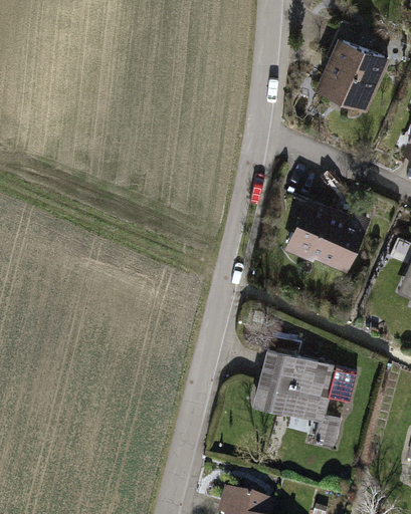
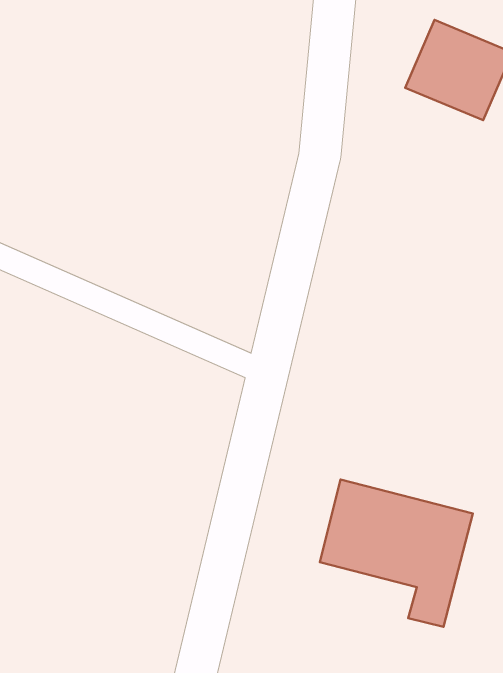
building: [295,204,373,274] -> none

